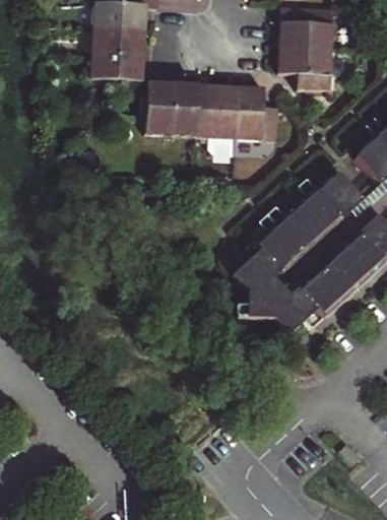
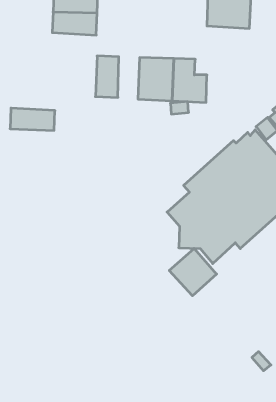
building: [280,46,333,89] -> none
building: [91,54,146,81] -> [10,108,55,130]
building: [173,83,199,135] -> none
building: none -> [169,248,217,296]

